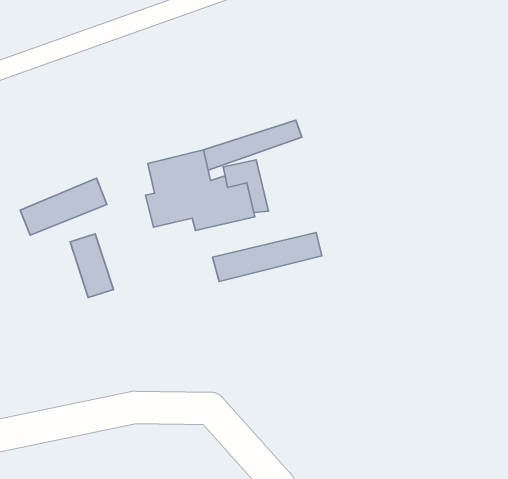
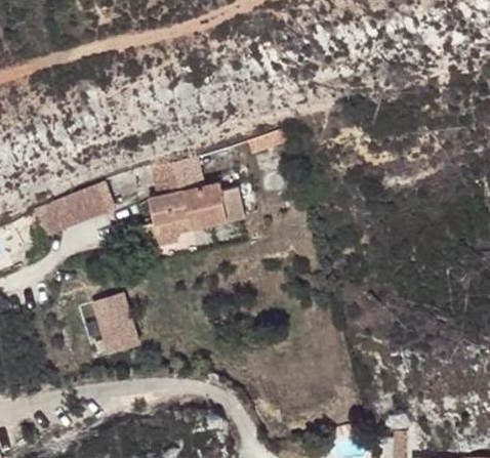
building: [213,232,322,281] -> none
building: [70,234,113,298] -> [96,299,135,357]

